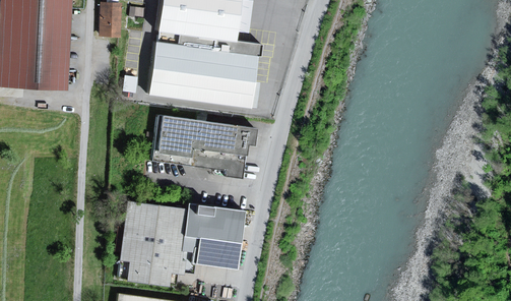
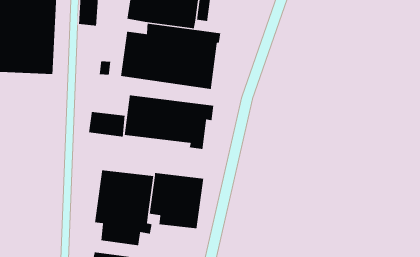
building: none -> [88,111,126,137]

